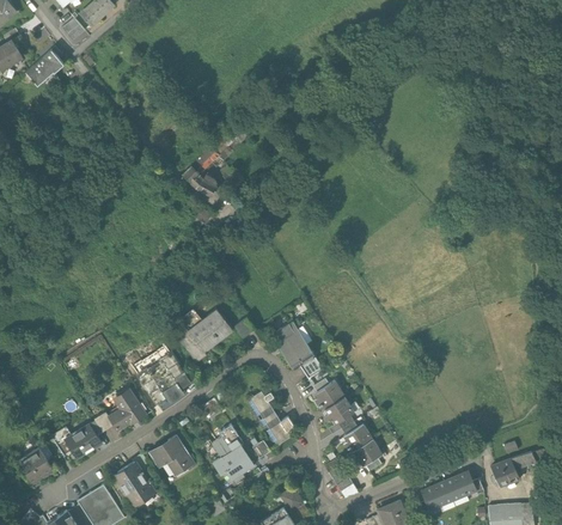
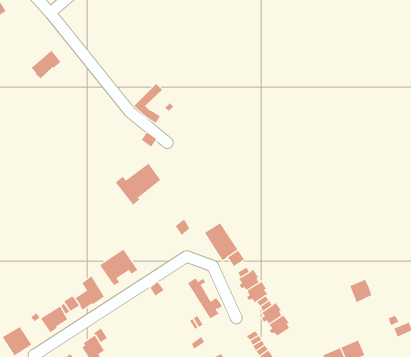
building: [25,47,63,84] -> [31,50,61,79]
building: [173,309,232,362] -> [115,163,161,205]
building: [212,423,253,483] -> none
building: [148,435,193,476] -> none
building: [490,456,519,486] -> [350,279,372,303]

